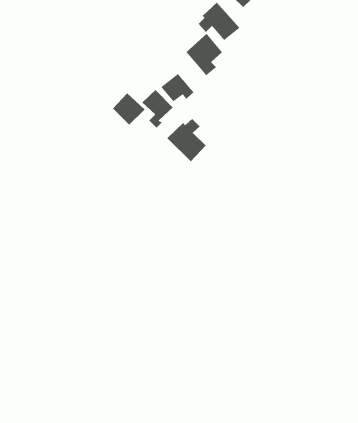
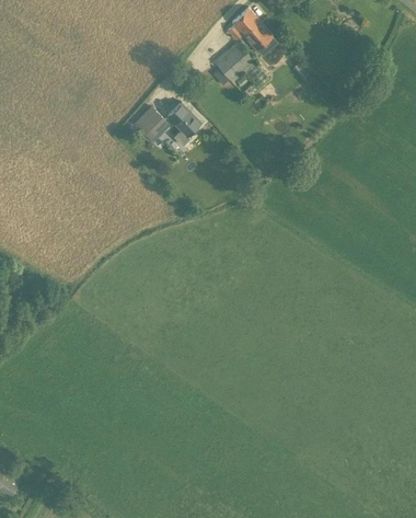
building: [160,73,195,102] -> none
building: [167,118,206,162] -> none

